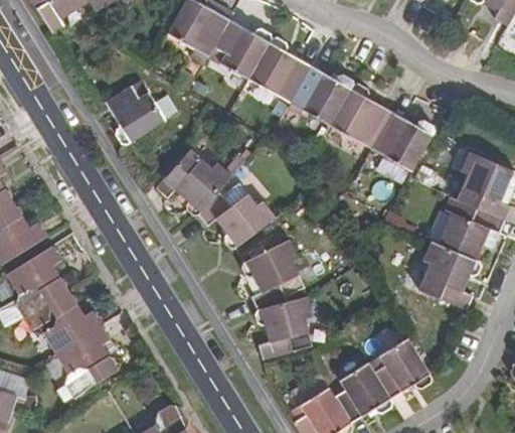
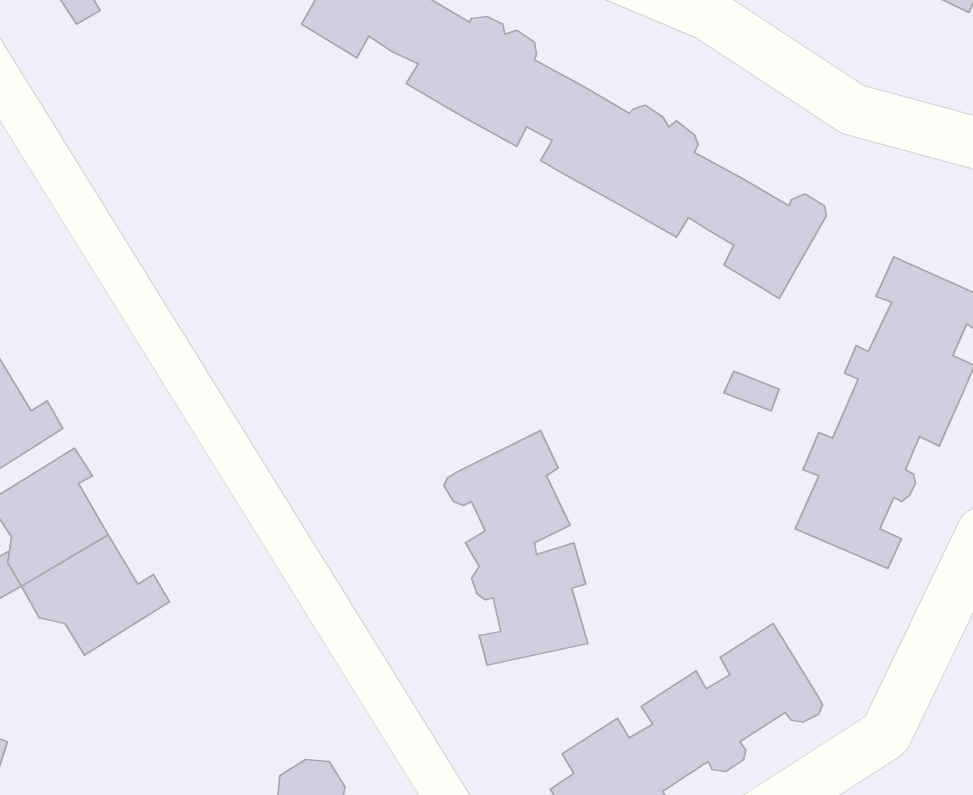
building: [105,85,165,143] -> none
building: [156,147,275,247] -> none
building: [56,326,118,398] -> none

